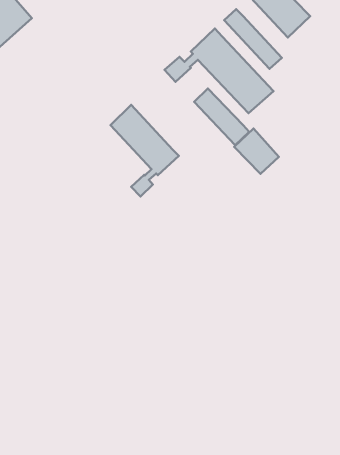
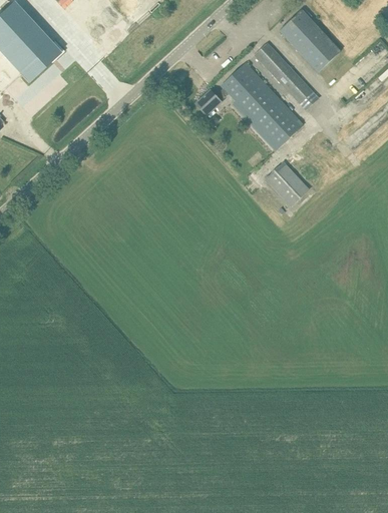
building: [194,88,249,145] -> none
building: [111,105,179,197] -> none

